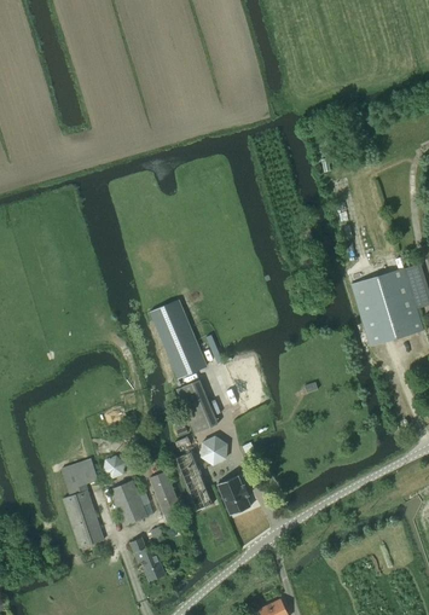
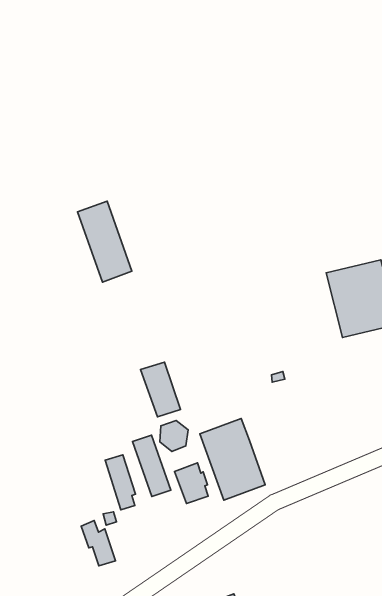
building: [150,300,205,378] -> [78,201,132,282]
building: none -> [200,418,265,500]
building: [60,458,104,547] -> none
building: [109,480,147,527] -> none

